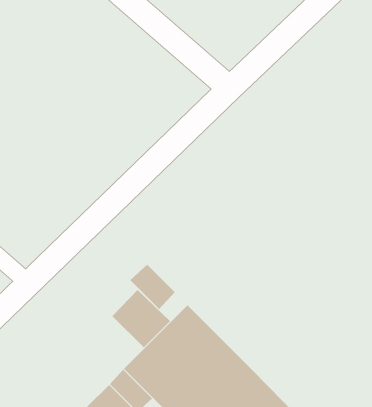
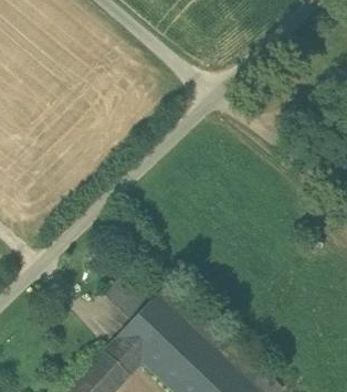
building: [129,264,175,310] -> none

